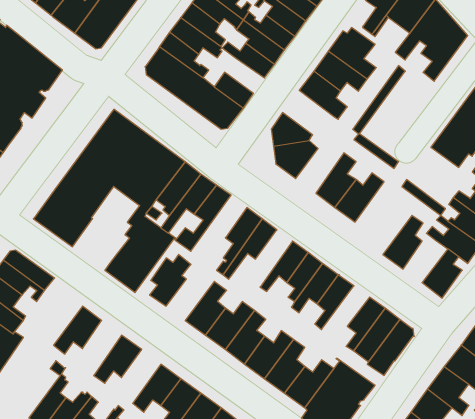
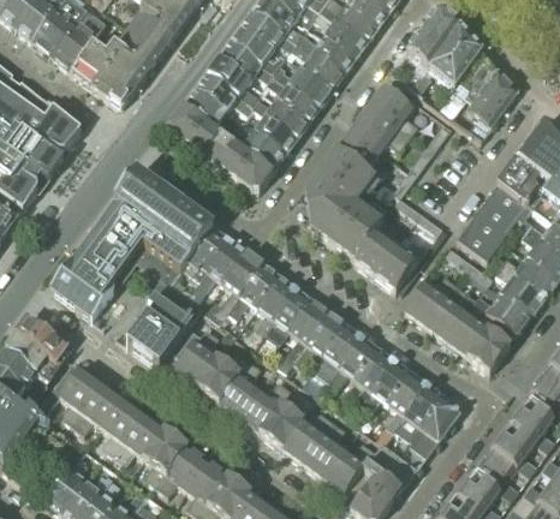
building: none -> [255,113,298,151]
building: none -> [317,148,374,196]
building: none -> [332,208,381,258]
building: none -> [457,209,507,258]
building: none -> [227,261,279,315]
building: none -> [404,273,457,324]
building: none -> [278,298,328,370]
building: none -> [447,309,495,354]
building: none -> [192,344,244,395]
building: none -> [359,358,411,411]
building: none -> [35,359,102,422]
building: none -> [101,395,144,454]
building: none -> [143,426,186,484]

